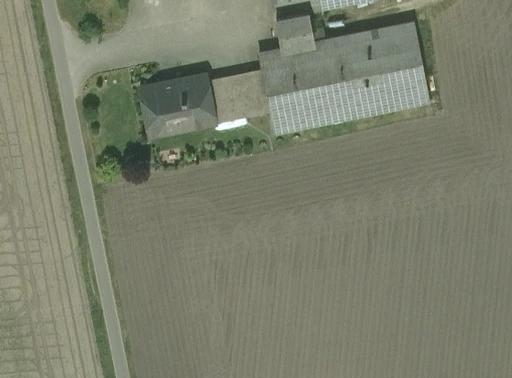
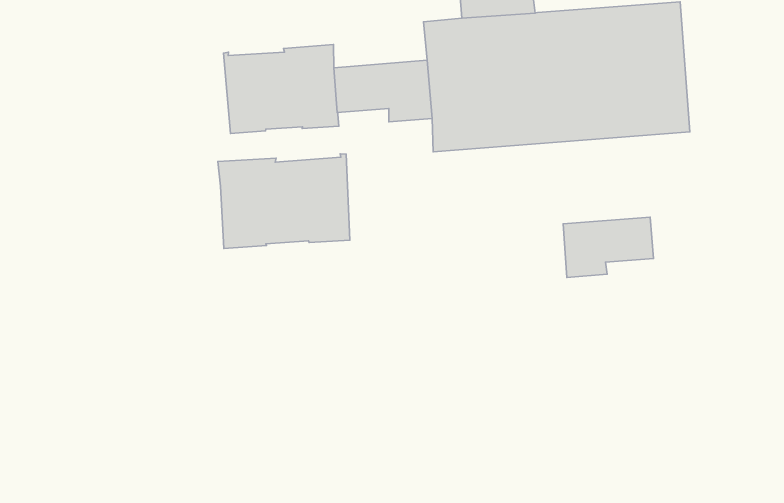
building: none -> [218,154,350,249]
building: none -> [563,217,654,277]

